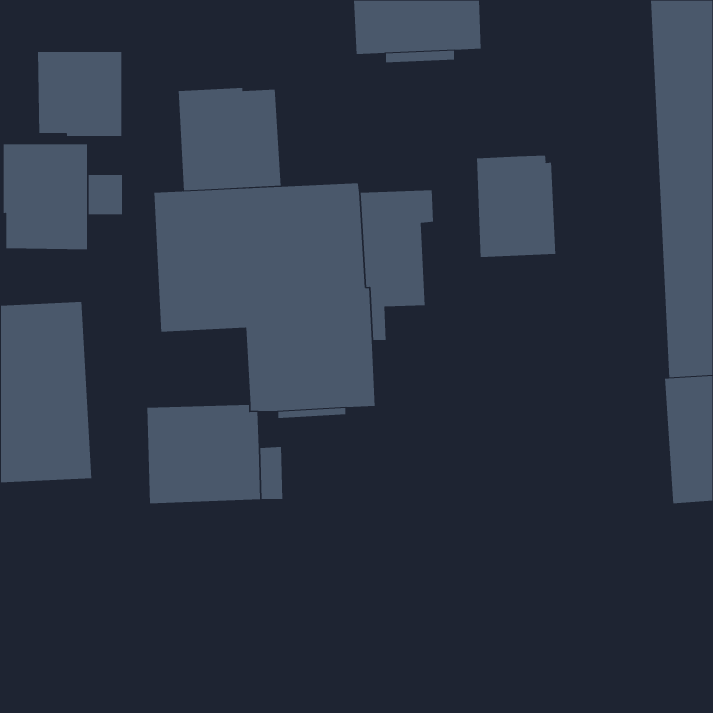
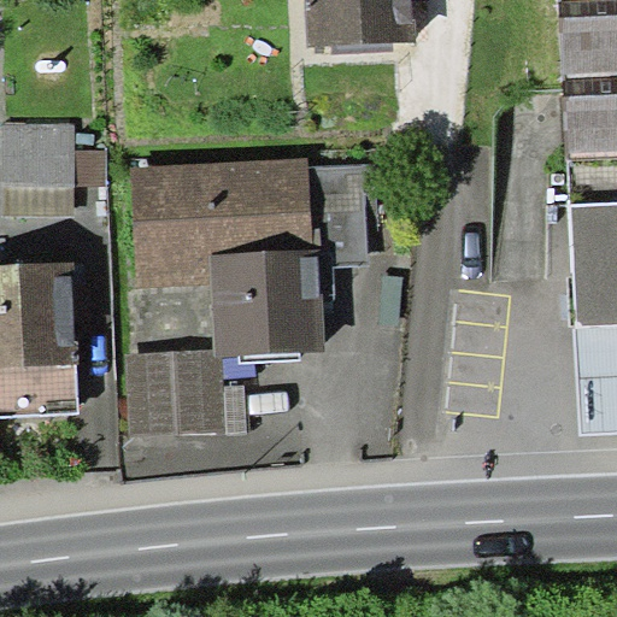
building: [38,51,122,137] -> none
building: [178,87,281,191] -> none
building: [477,155,556,258] -> none

